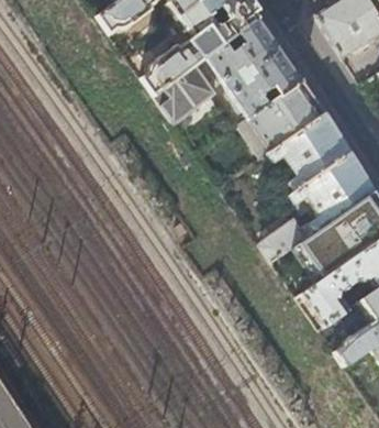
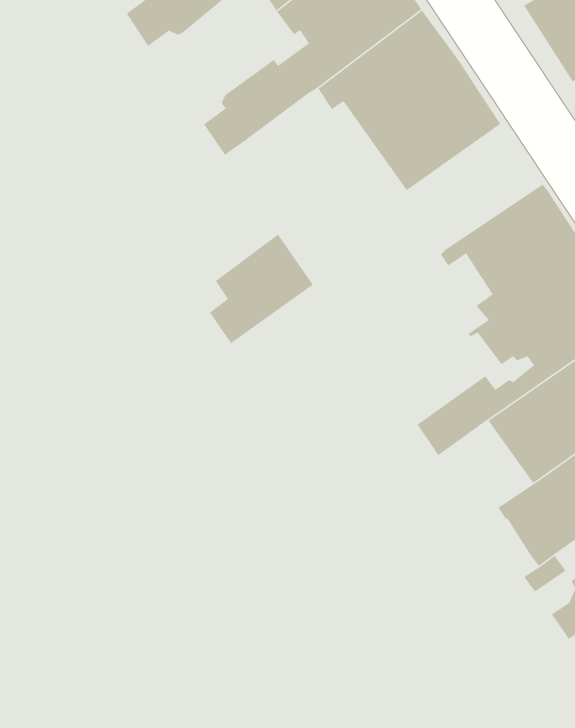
building: [157,62,215,123] -> [209,233,314,344]
building: [250,78,326,147] -> none

